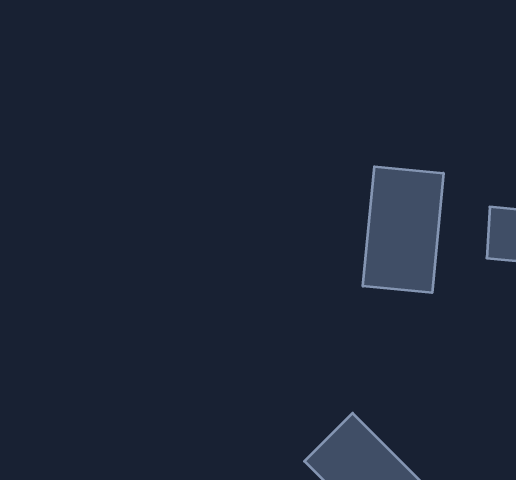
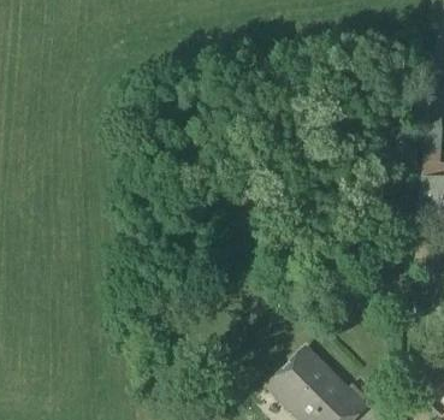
building: [363,167,443,293] -> none

